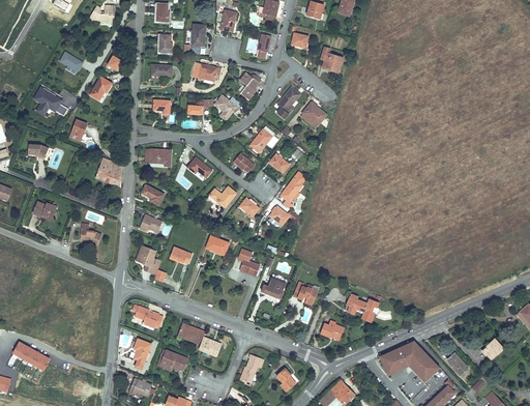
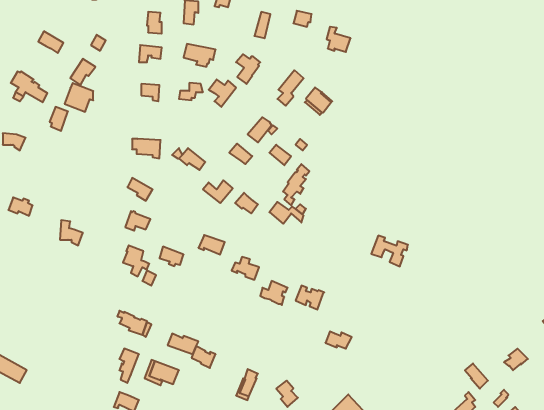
building: [95,158,121,184] -> [65,83,93,112]
building: [345,294,378,322] -> [371,236,408,266]
building: [380,340,439,381] -> none

